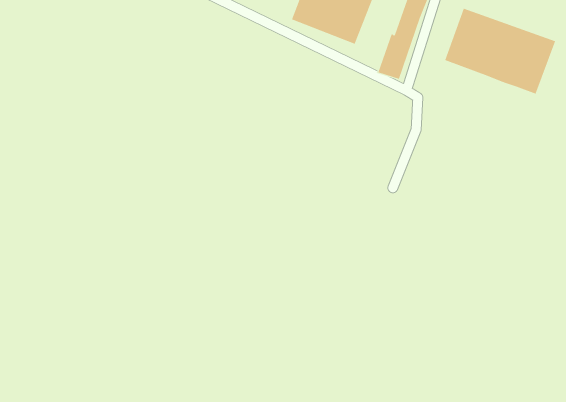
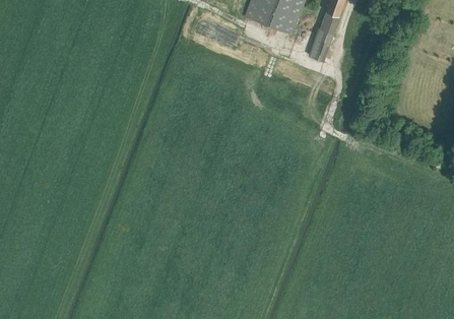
building: [444,8,556,94] -> none

